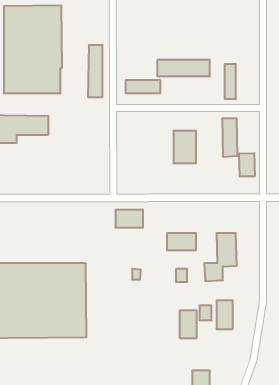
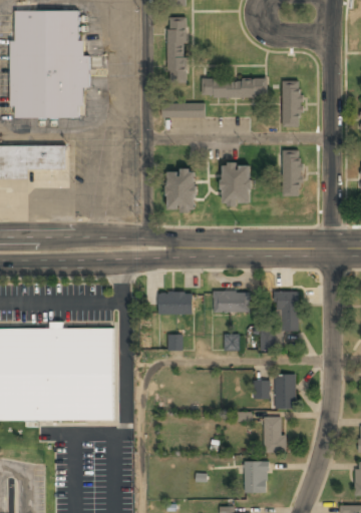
building: [88,45,103,97] -> [167,17,186,81]
building: none -> [167,170,196,210]
building: [239,153,255,177] -> none
building: [115,210,143,228] -> [158,293,193,315]
building: [180,310,197,338] -> [264,417,285,451]

